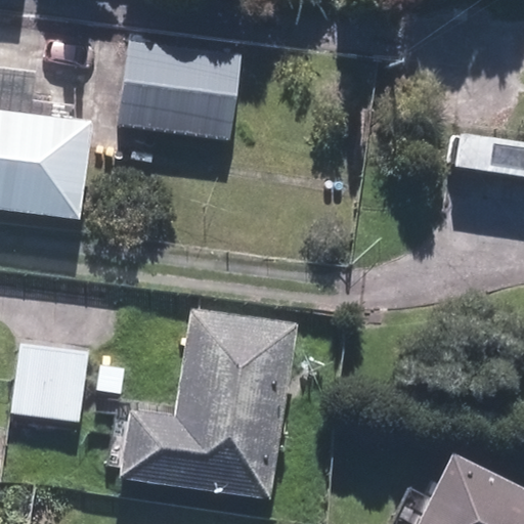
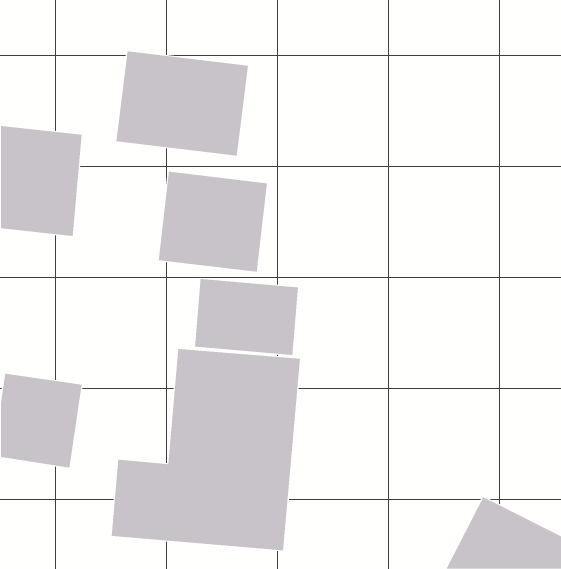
building: none -> [158,171,268,273]
building: none -> [194,278,299,356]

